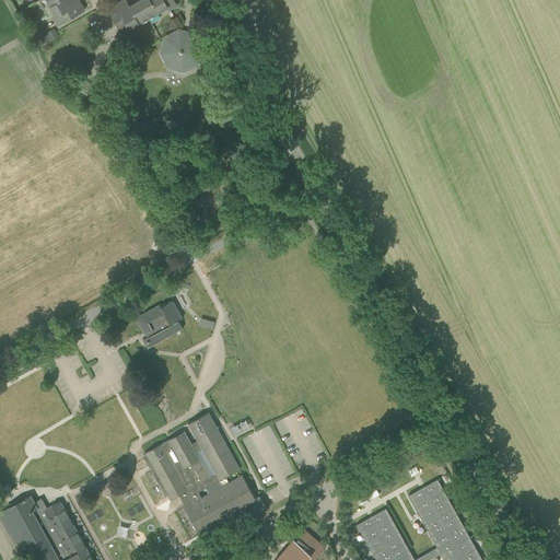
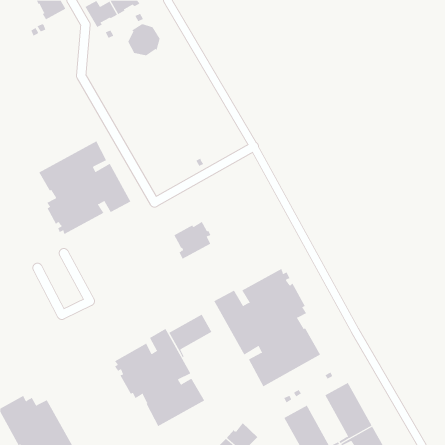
building: none -> [39,140,131,235]
building: [135,301,182,349] -> [174,221,211,260]
building: none -> [214,268,321,387]
building: none -> [168,314,212,358]

